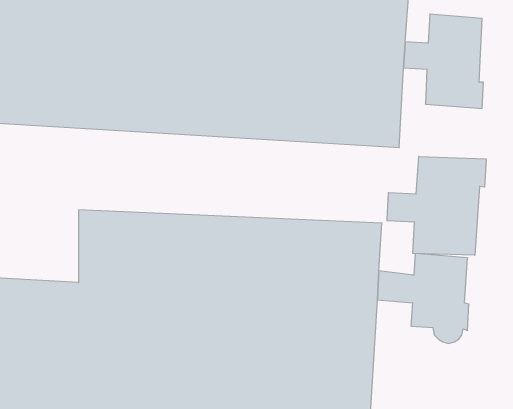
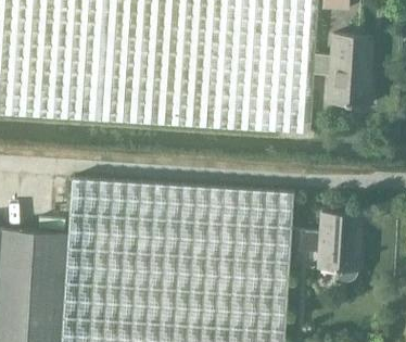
building: [387,156,486,255] -> none

